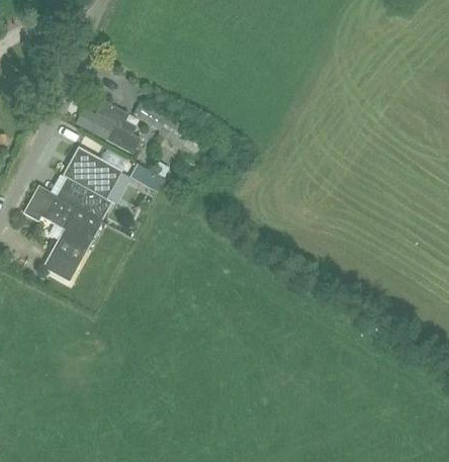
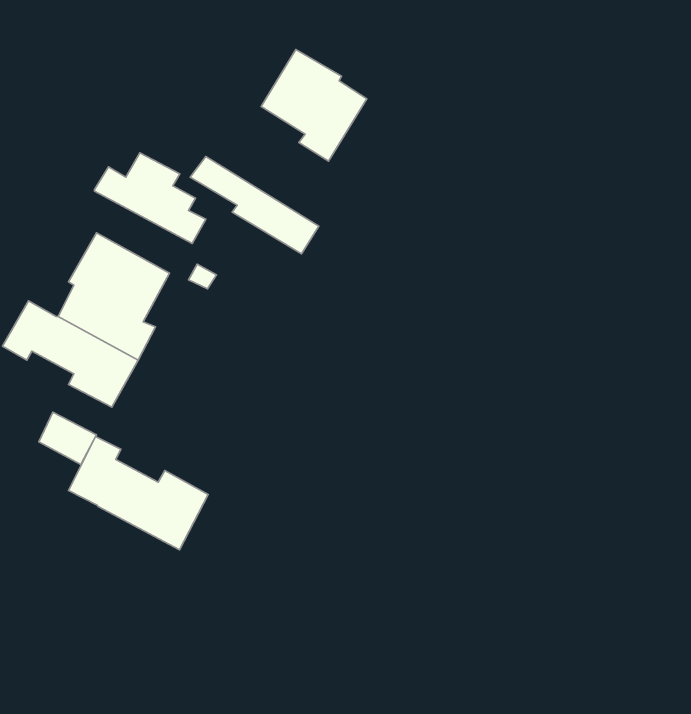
building: none -> [261,49,367,161]
building: none -> [68,436,208,550]

